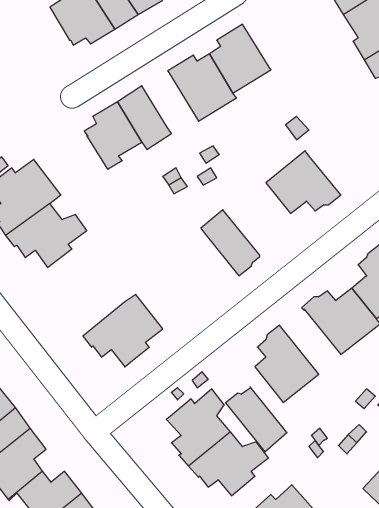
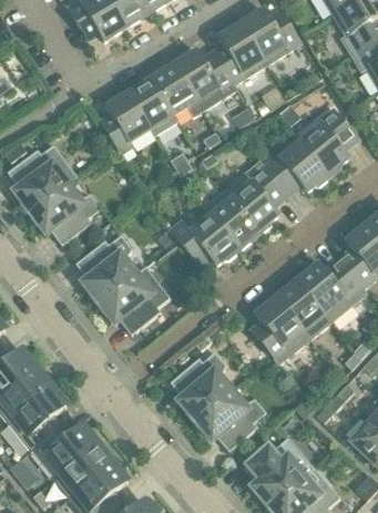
building: none -> [242,8,300,63]
building: none -> [151,64,202,114]
building: none -> [302,109,355,176]
building: none -> [224,161,285,234]
building: none -> [170,211,238,265]
building: none -> [79,234,135,304]
building: [225,387,287,452] -> [275,279,330,338]

